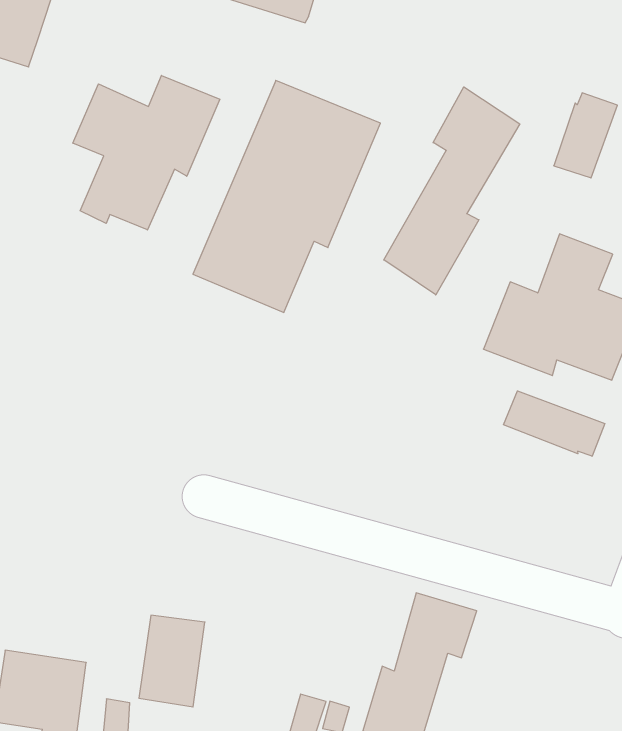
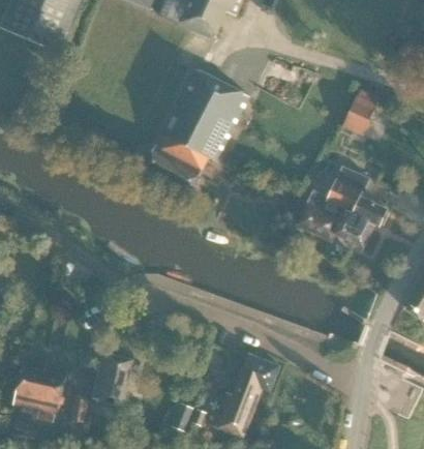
building: [73,75,220,230] -> none
building: [384,87,520,295] -> none
building: [503,391,605,456] -> none

